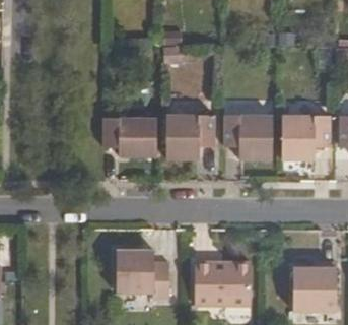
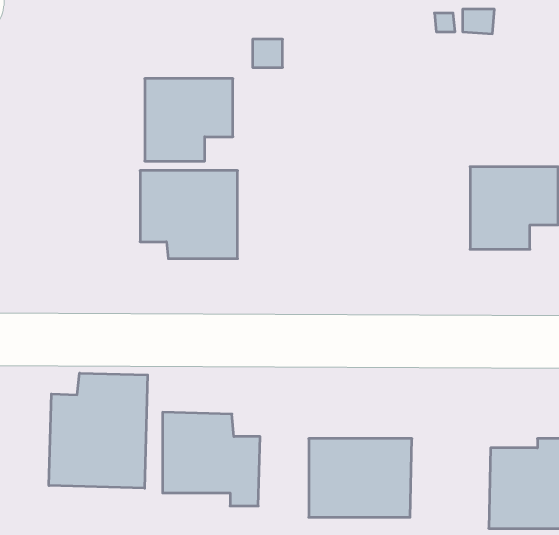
building: [166,115,214,159] -> [145,79,233,161]
building: [224,115,272,160] -> none
building: none -> [49,373,148,488]

